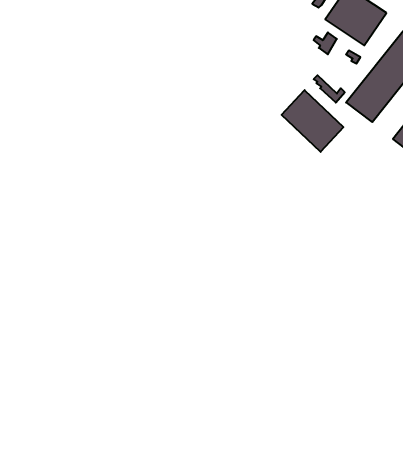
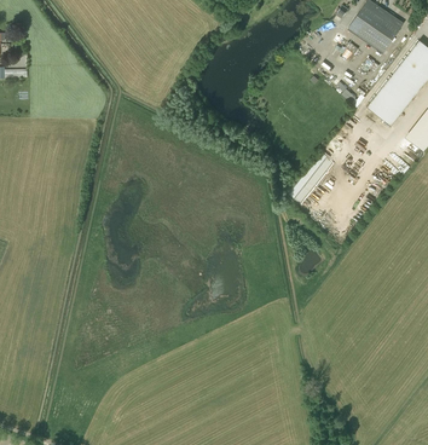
building: [282,90,343,152] -> none

